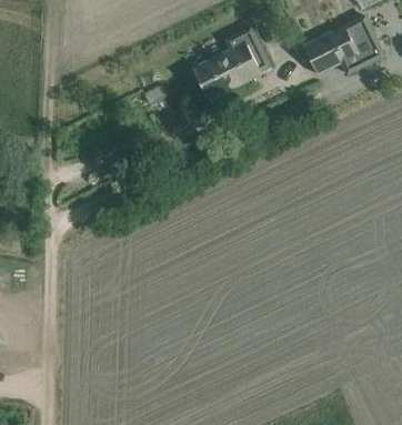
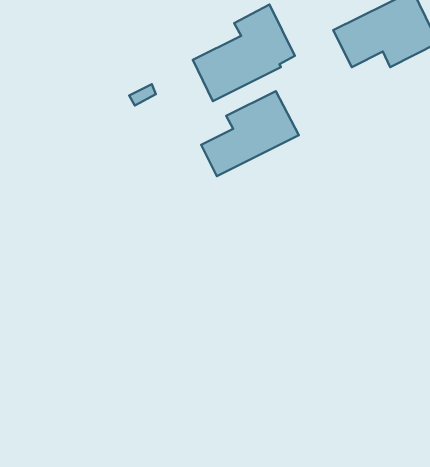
building: none -> [201,91,299,176]

